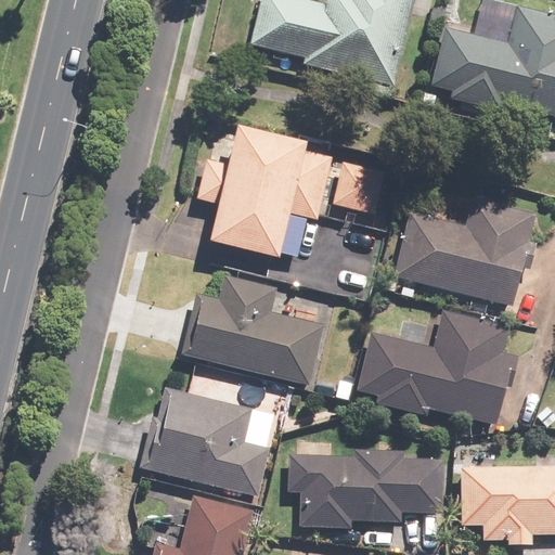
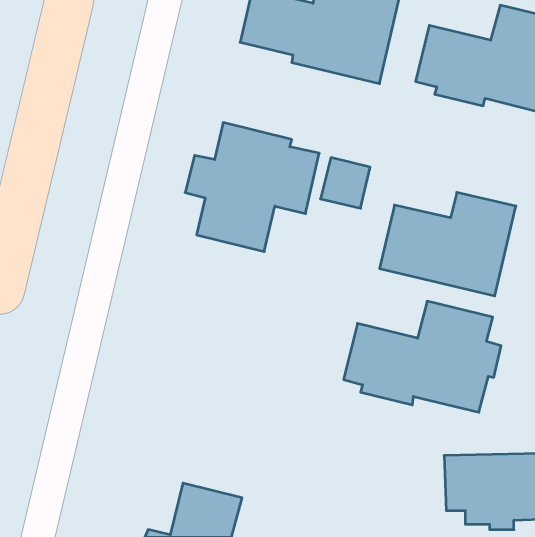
building: [181,276,326,385] -> none
building: [139,388,270,494] -> none
building: [287,450,443,528] -> none

